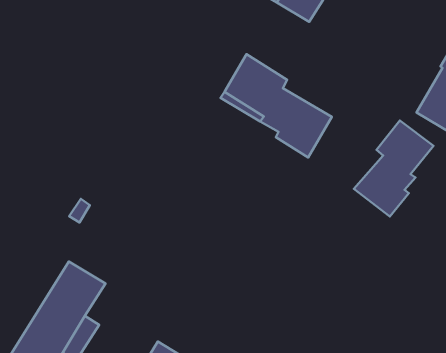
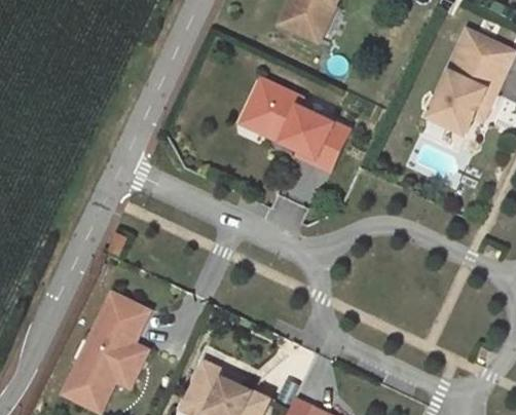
building: [354,121,434,217] -> none

